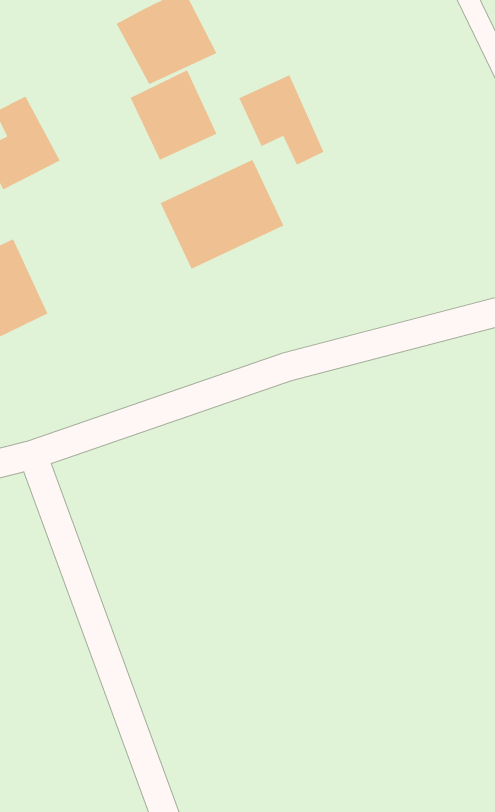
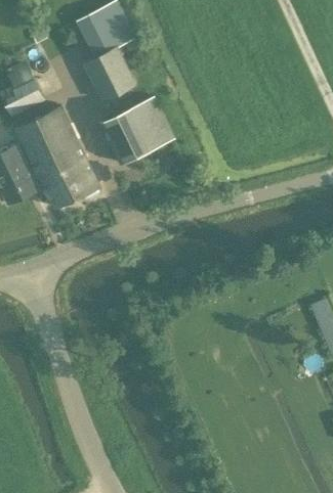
building: [238,74,324,166] -> none
building: none -> [17,107,99,208]

